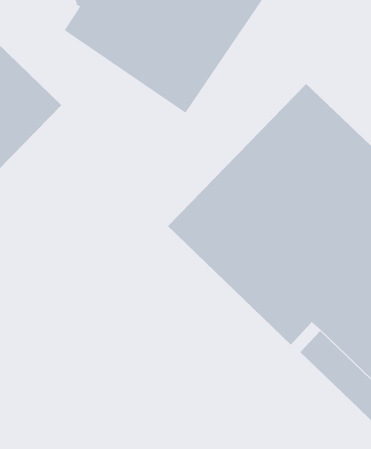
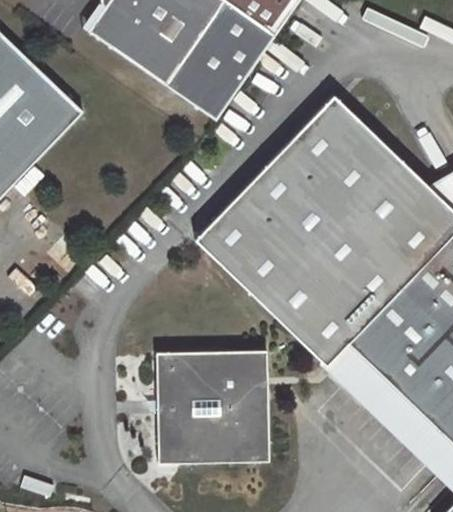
building: none -> [156,352,269,465]

